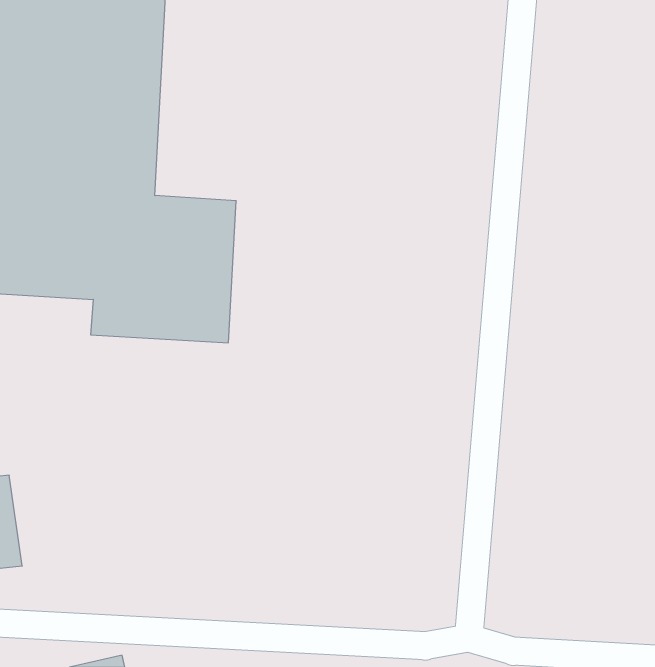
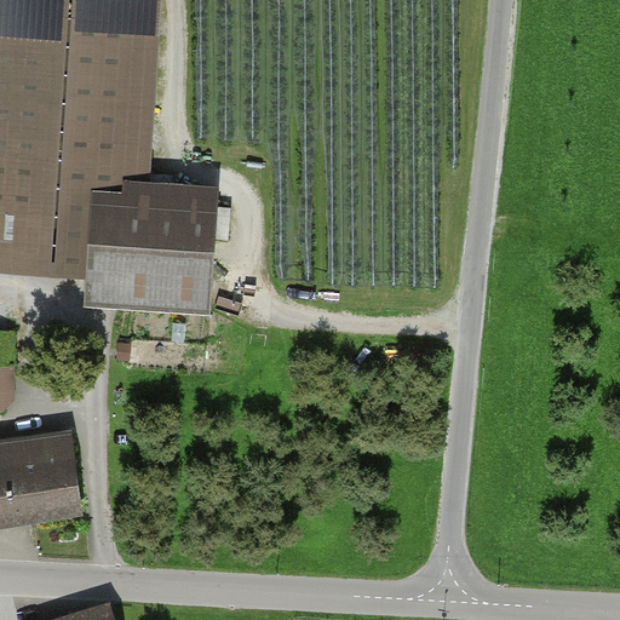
building: none -> [8,431,79,522]

